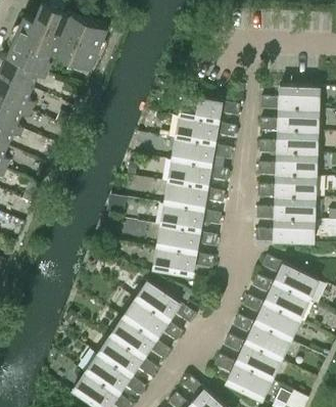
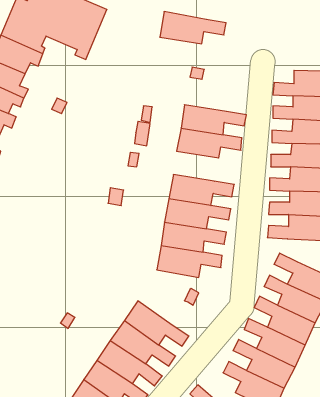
building: [179,95,240,125] -> [160,12,226,44]
building: [169,162,229,189] -> none
building: [136,281,195,323] -> none

